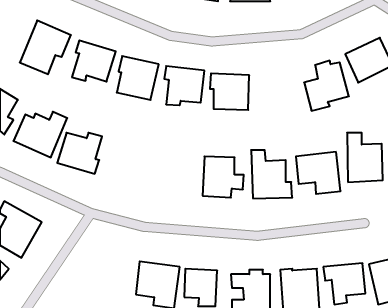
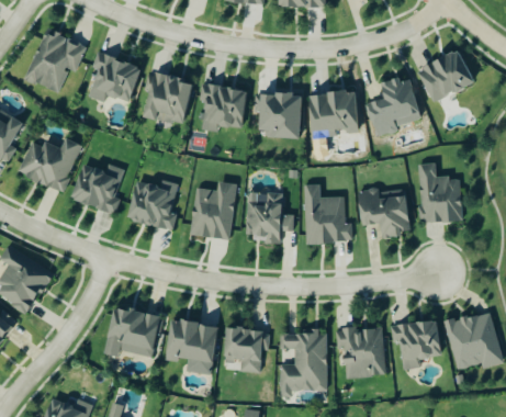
building: none -> [308,90,358,137]
building: none -> [126,180,178,229]
building: none -> [190,181,236,239]
building: none -> [104,307,159,359]

